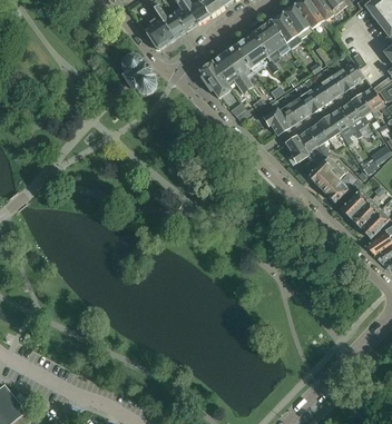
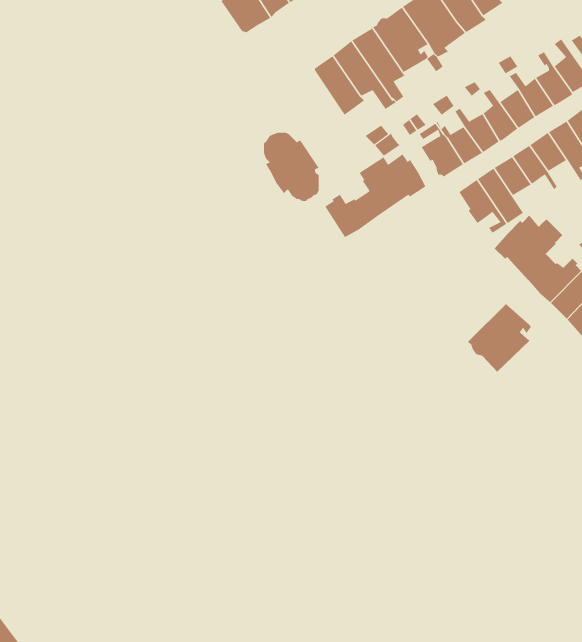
building: [122,53,156,95] -> [263,132,319,202]
building: none -> [325,153,426,238]
building: none -> [467,302,532,373]

